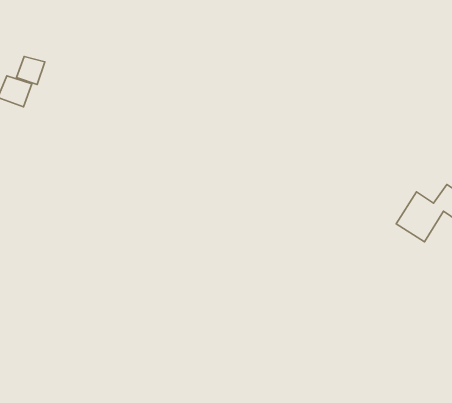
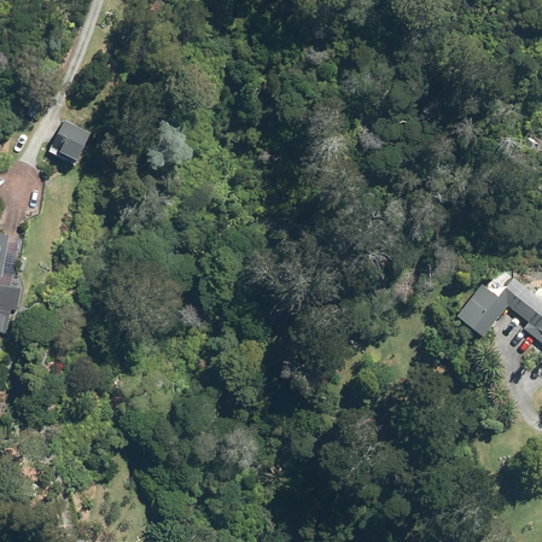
building: [16,56,45,84] -> none

